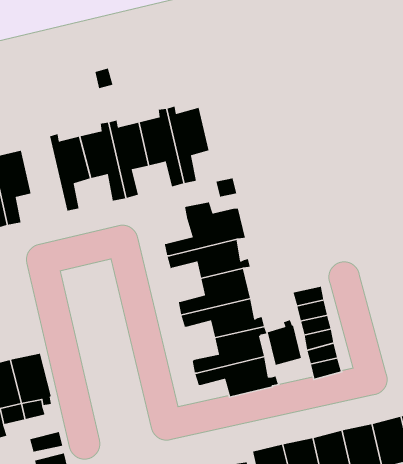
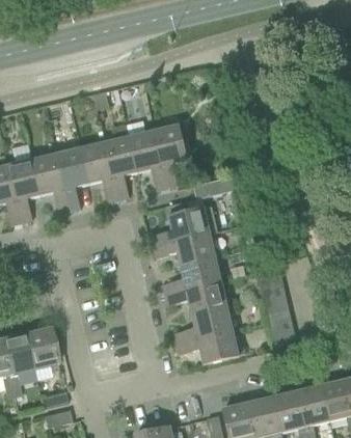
building: none -> [33,148,71,214]
building: [267,319,302,366] -> none

